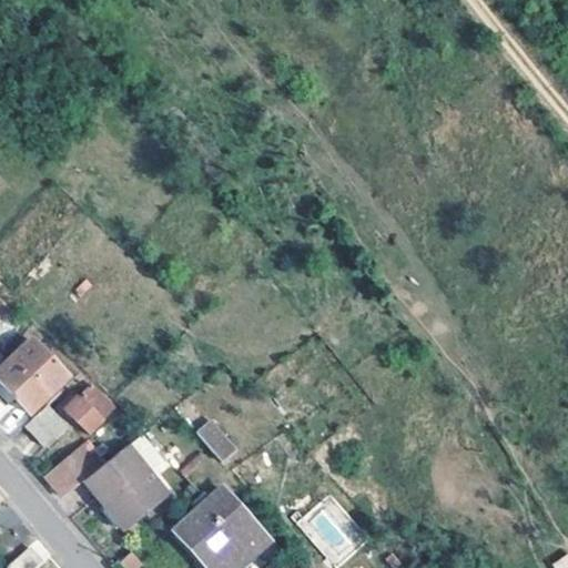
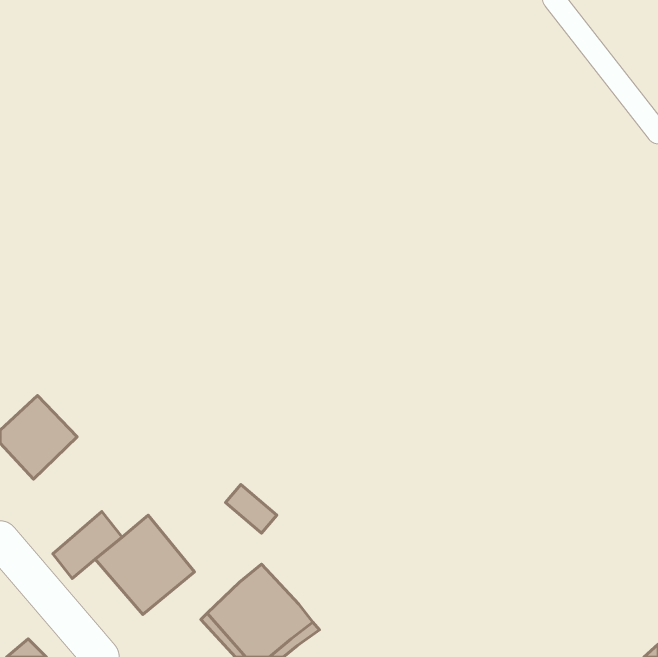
building: [71,381,120,430] -> none
building: [24,400,69,446] -> none

